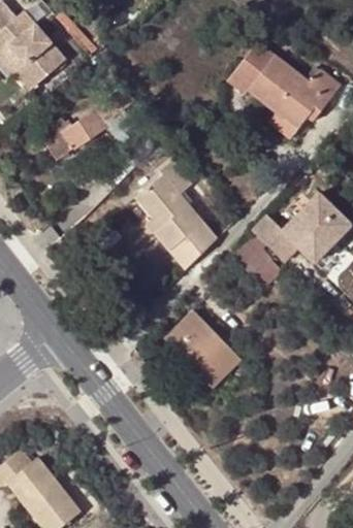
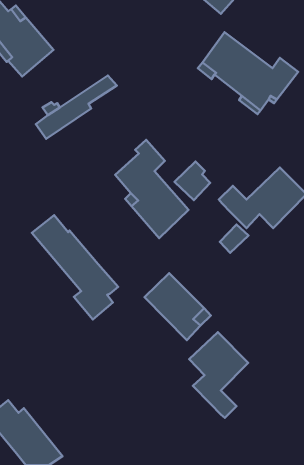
building: [231,231,271,274] -> [174,162,210,200]
building: none -> [32,215,118,319]
building: none -> [189,332,248,418]

